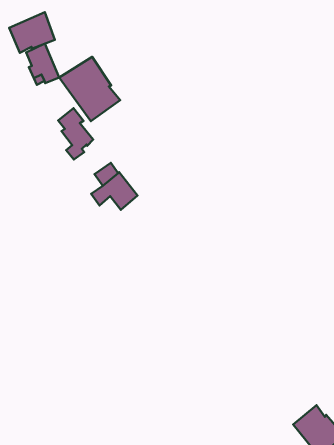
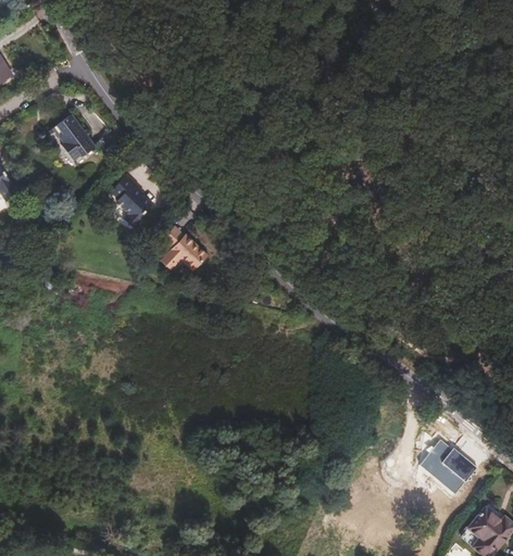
building: [9,12,55,53] -> none
building: [59,57,120,121] -> none

